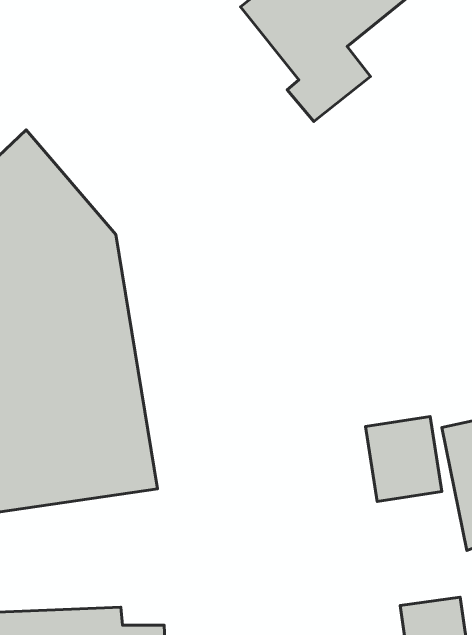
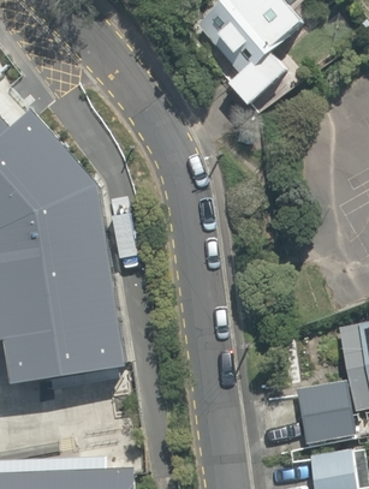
building: [365,417,442,501] -> [293,381,349,442]

